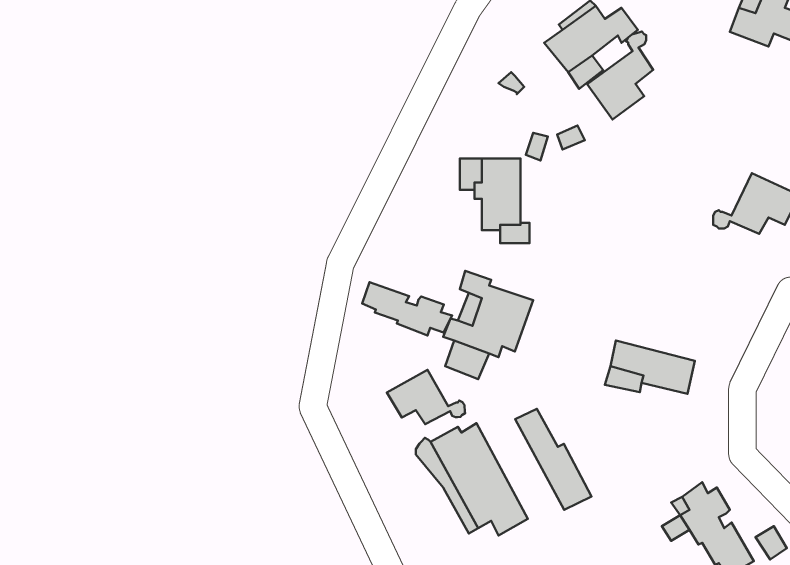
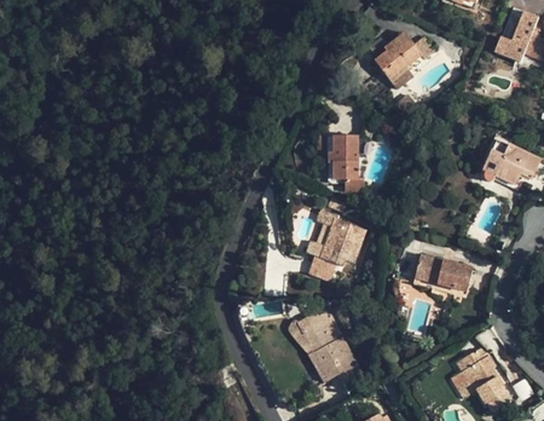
building: [587,31,653,120] -> none
building: [362,282,452,335] -> none
building: [387,370,465,424] -> none
building: [515,409,592,510] -> none

